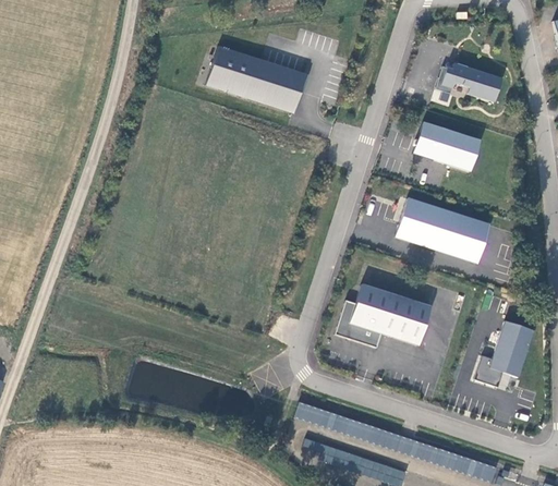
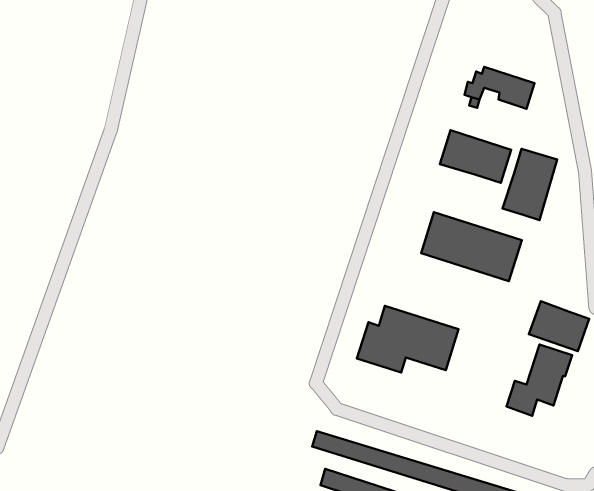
building: [205,47,306,113] -> none
building: none -> [503,149,557,220]
building: none -> [529,301,589,351]

